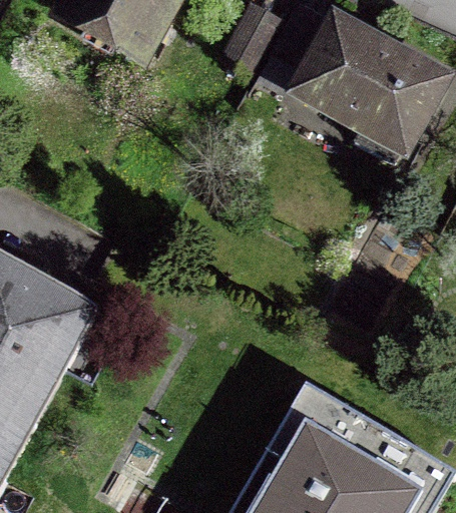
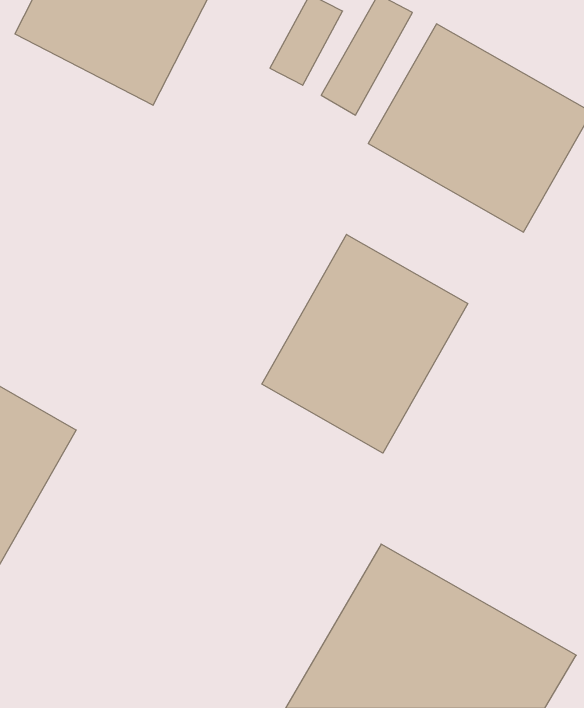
building: none -> [262,234,468,453]

